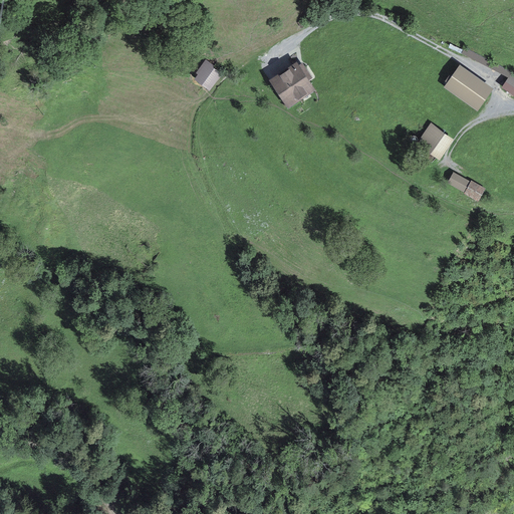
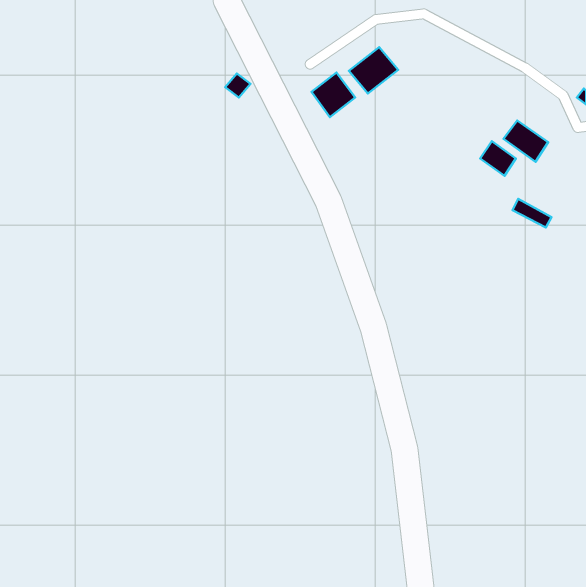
building: none -> [349,47,398,93]
building: [448,68,487,104] -> [503,120,548,162]

